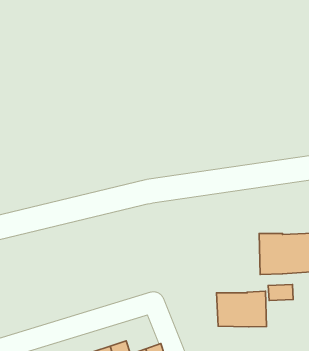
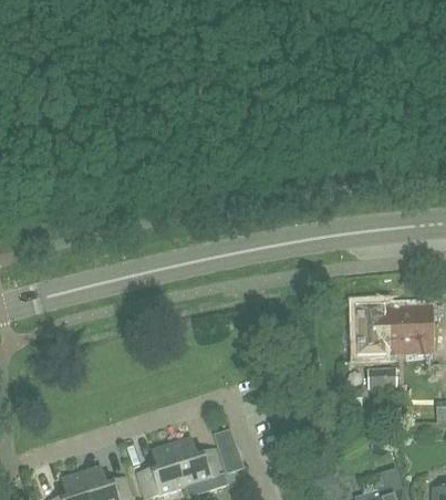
building: [216,291,267,327] -> none

